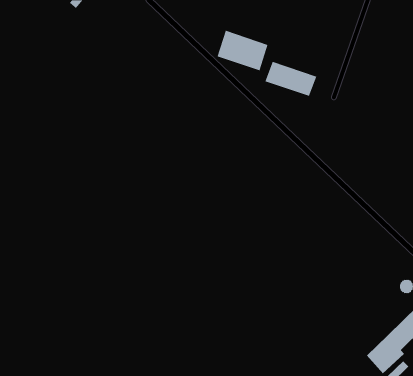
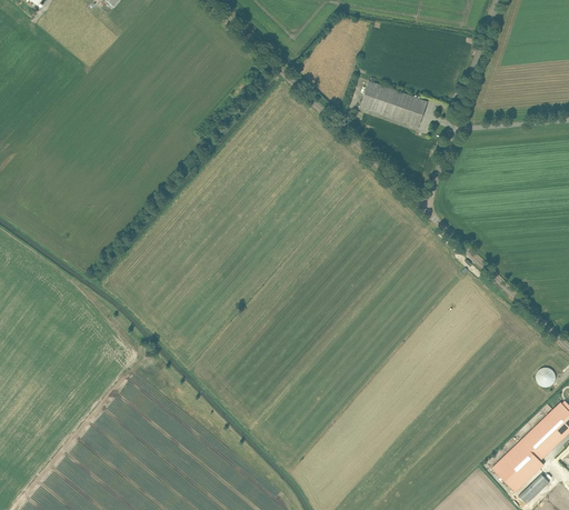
building: [217,30,268,71] -> none

